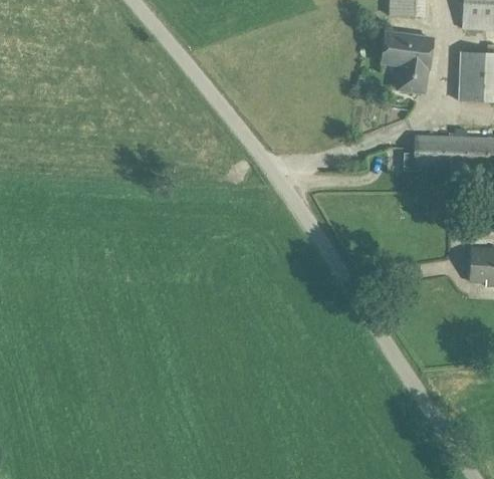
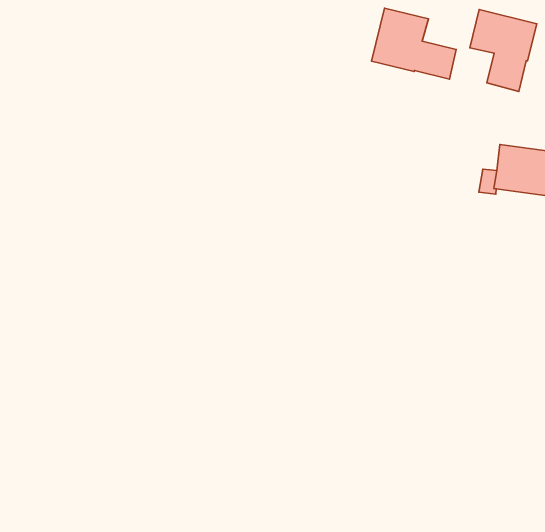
building: none -> [371,8,456,79]

